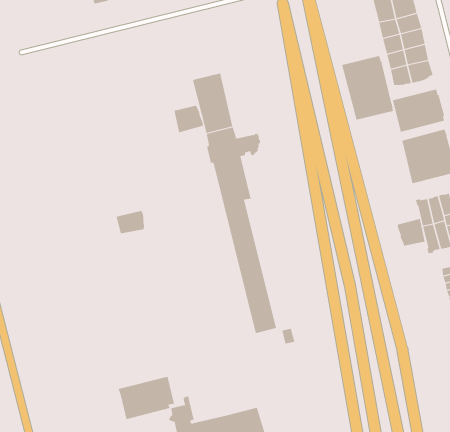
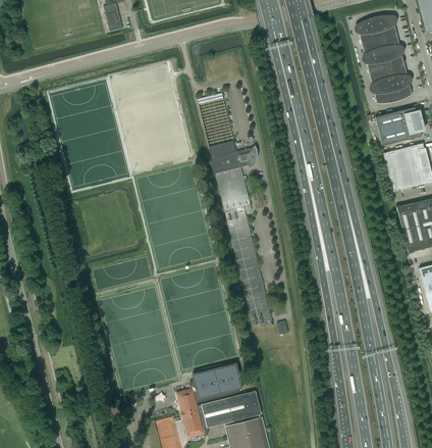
building: [342,55,393,120] -> none
building: [174,105,204,133] -> none
building: [116,210,145,234] -> none
building: [397,218,425,247] -> none
building: [118,376,175,420] -> [192,363,242,402]

